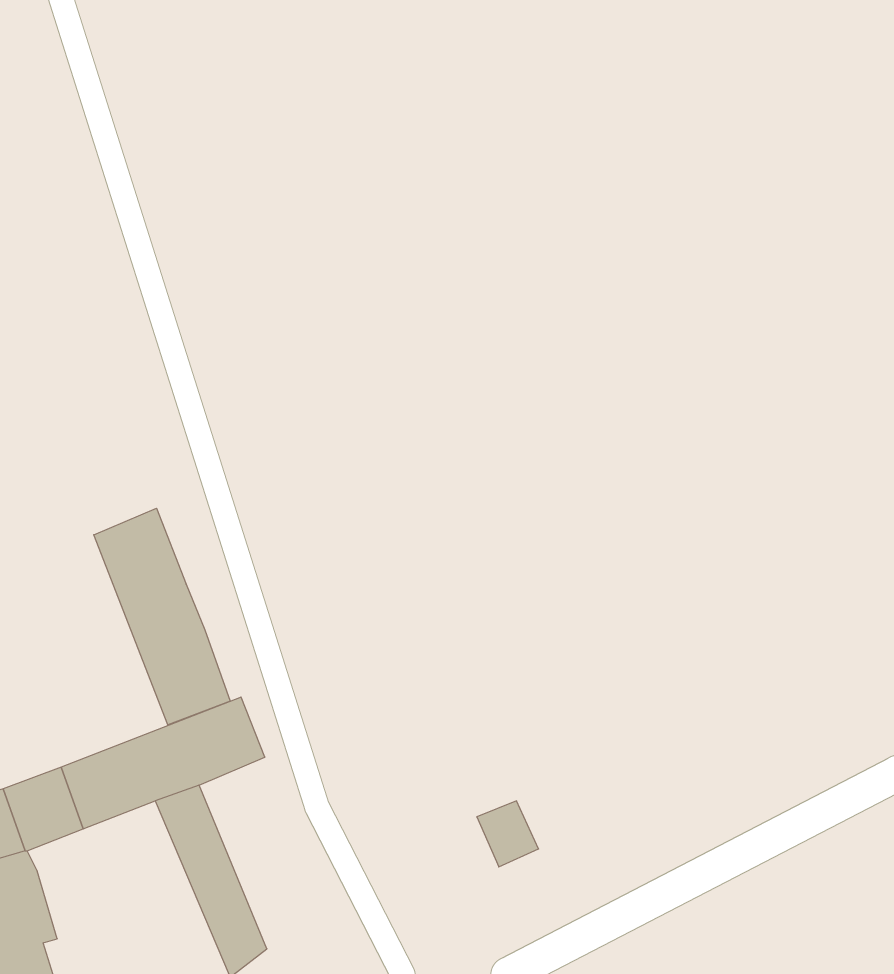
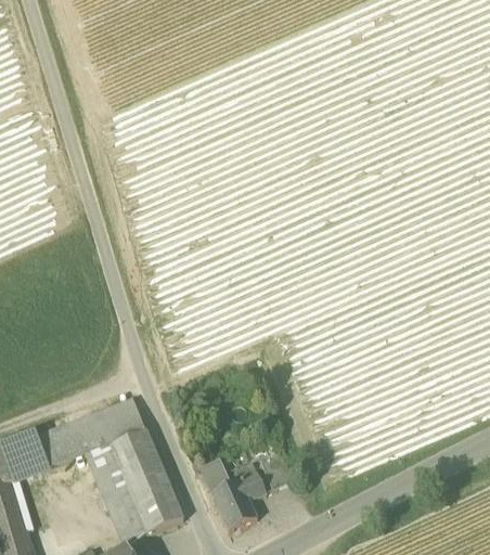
building: [94,508,230,725] -> none
building: none -> [109,430,183,534]
building: none -> [199,460,266,531]

